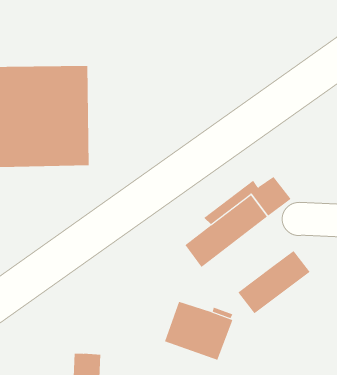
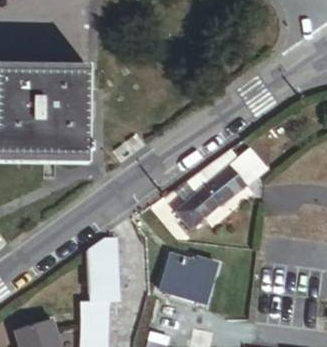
building: [238,250,311,314] -> none
building: none -> [85,242,116,304]

